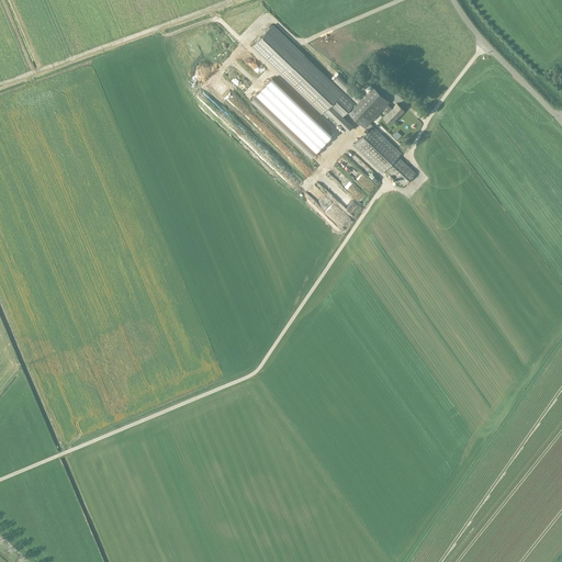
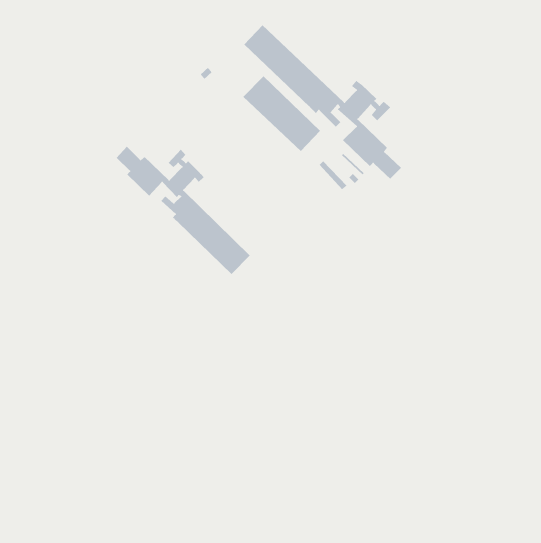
building: none -> [116,146,250,275]

